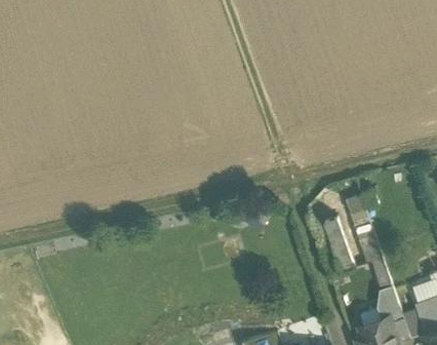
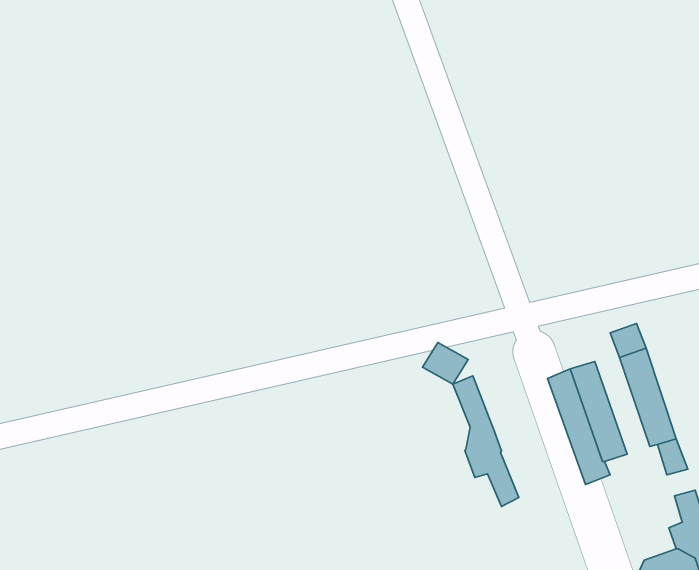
building: none -> [453,376,519,507]

